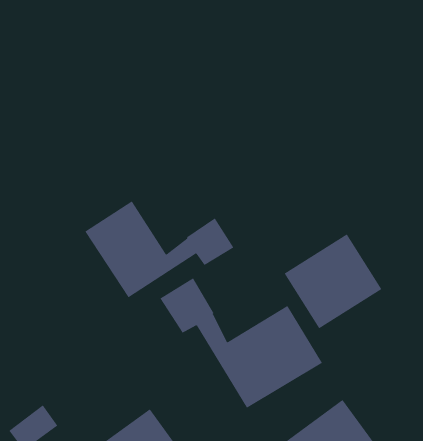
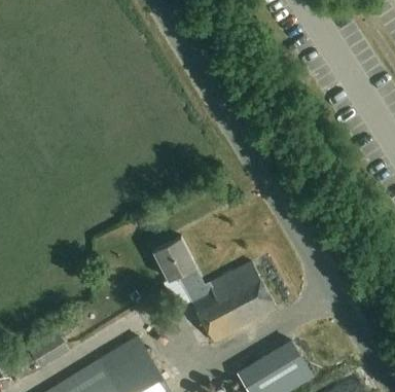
building: [85,201,234,298] -> none
building: [284,234,382,329] -> none

